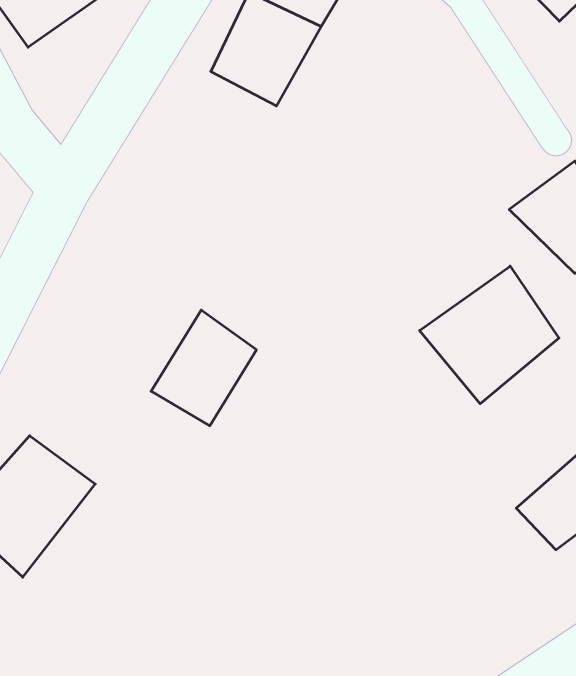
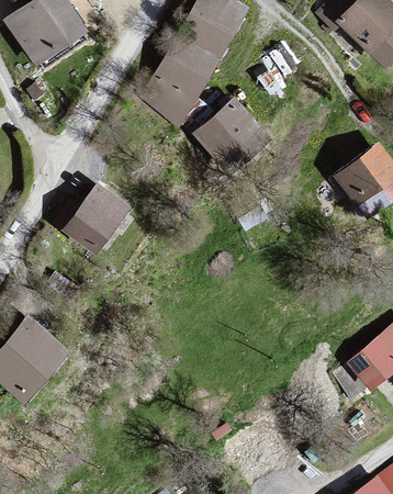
building: none -> [191,97,267,173]
building: [420,266,559,404] -> none
building: [151,310,256,426] -> [65,182,132,256]

